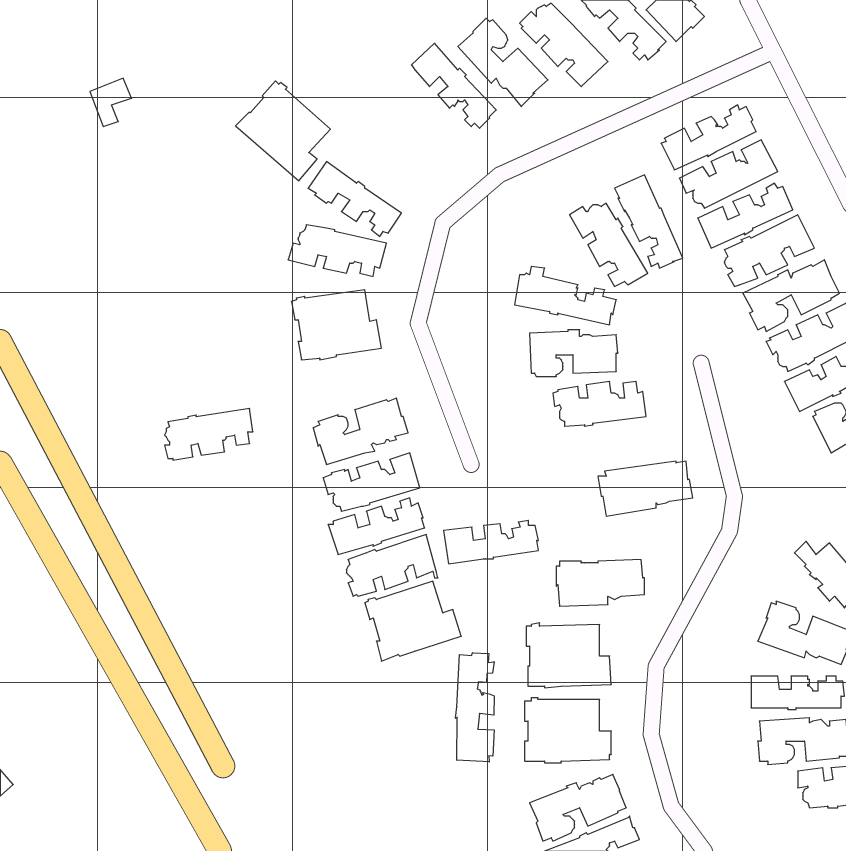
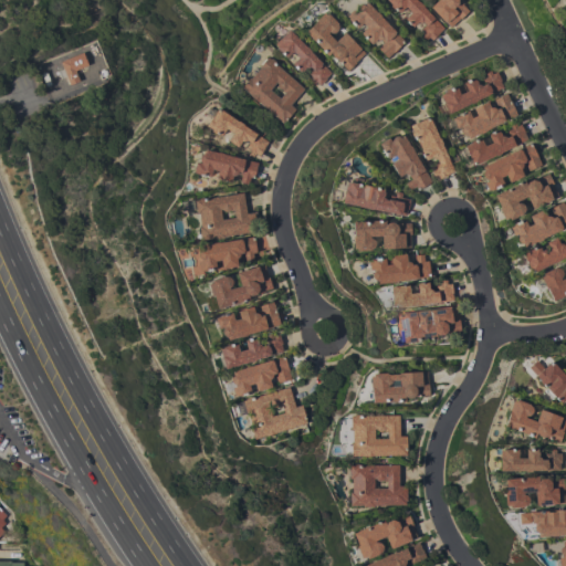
building: [236,81,330,181] -> [243,56,306,123]
building: [165,408,253,460] -> [200,237,259,271]
building: [444,520,538,564] -> [392,280,455,308]
building: [456,653,494,762] -> none

